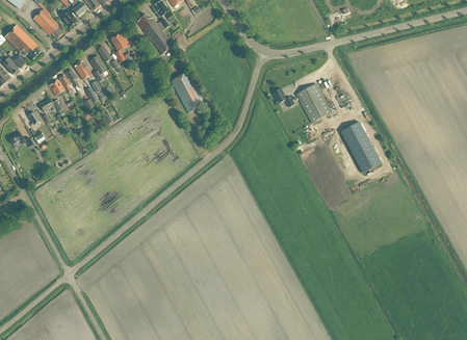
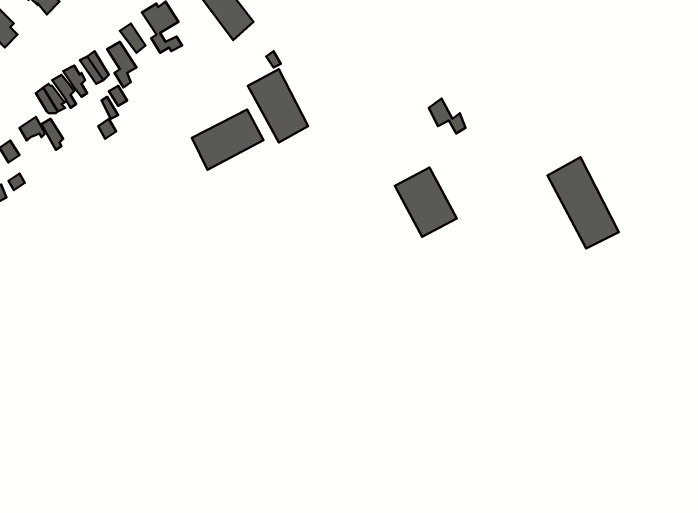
building: [295,83,331,123] -> [395,167,457,237]
building: none -> [192,110,264,170]

